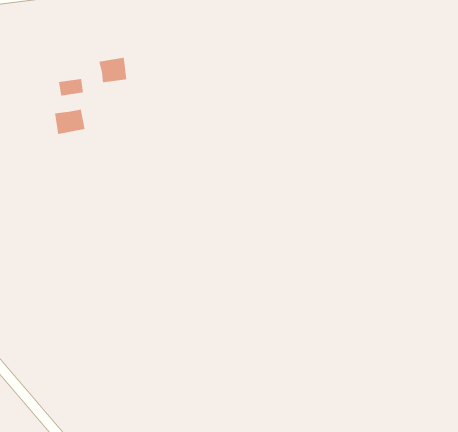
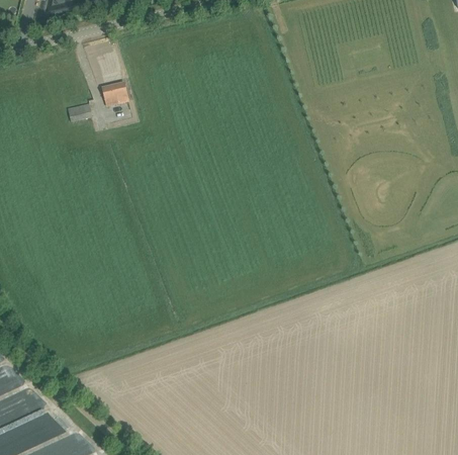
building: [54,109,85,135] -> none

